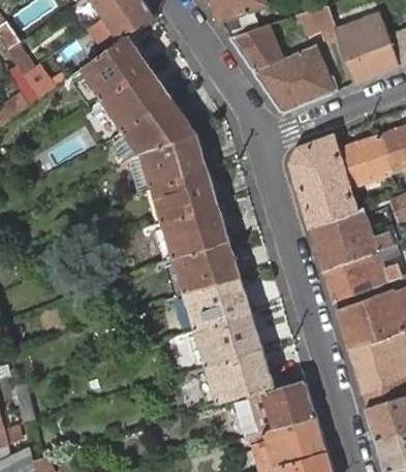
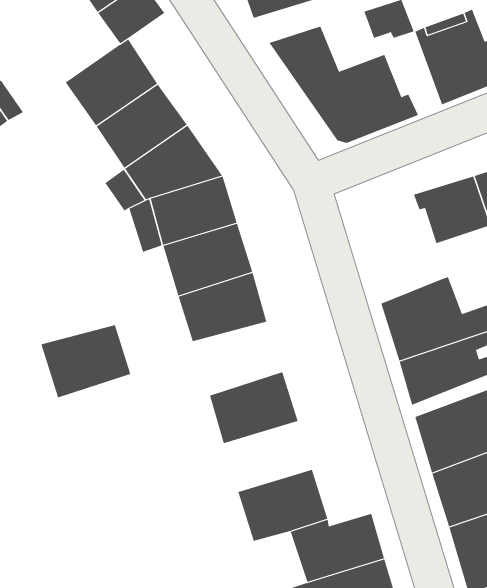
building: [290,134,353,227] -> none
building: [173,241,239,294] -> [40,324,131,398]
building: [195,313,260,365] -> none

